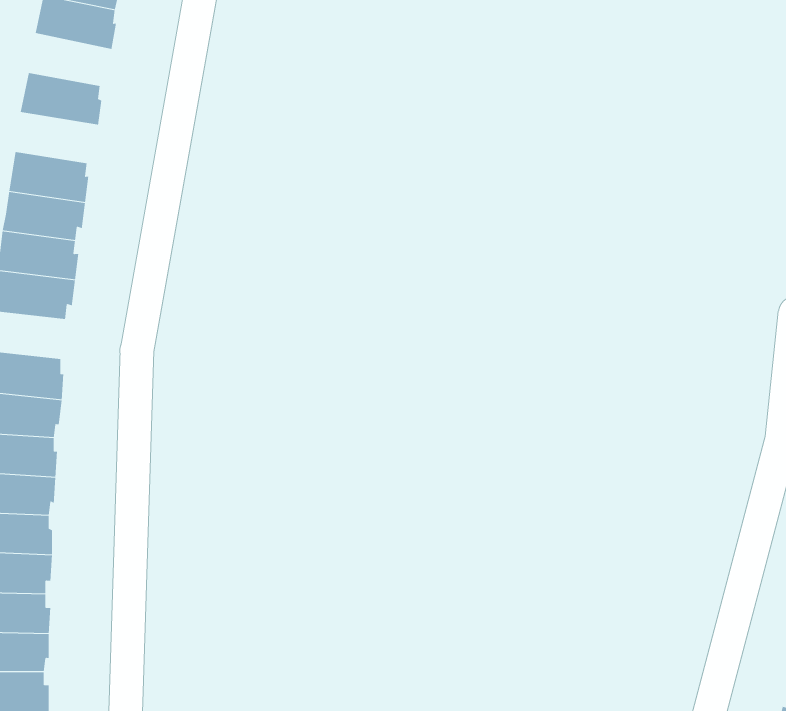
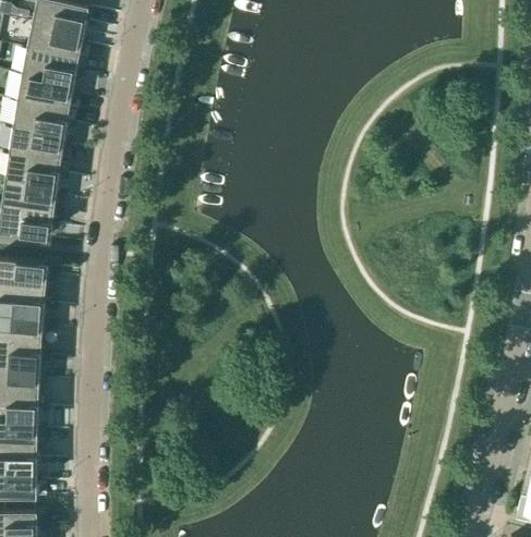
building: none -> [23,49,79,84]
building: none -> [14,101,70,135]

